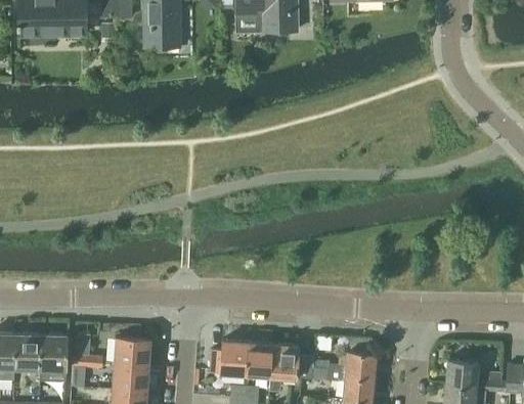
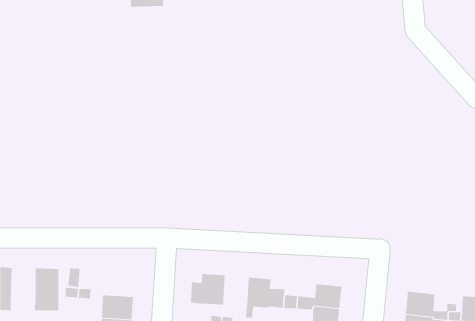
building: [14,333,40,368] -> none
building: [114,336,150,365] -> none
building: [247,342,273,376] -> none

